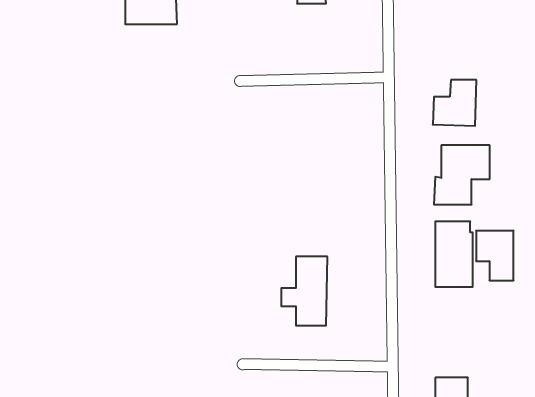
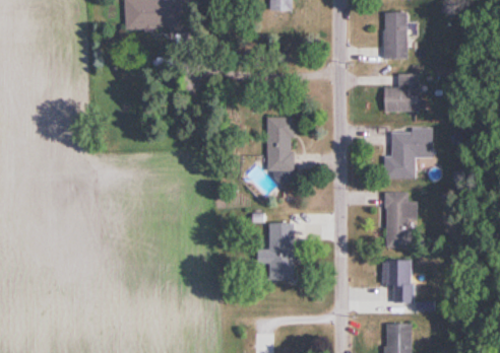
building: none -> [383,13,408,59]
building: none -> [266,117,294,171]
building: [476,231,514,280] -> [381,261,413,302]

